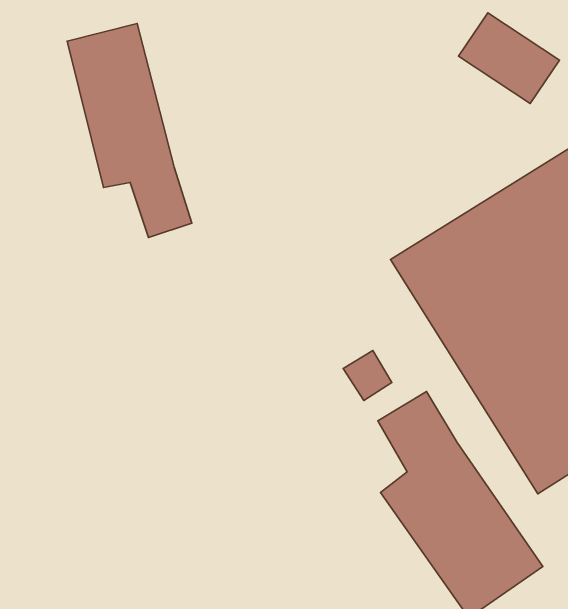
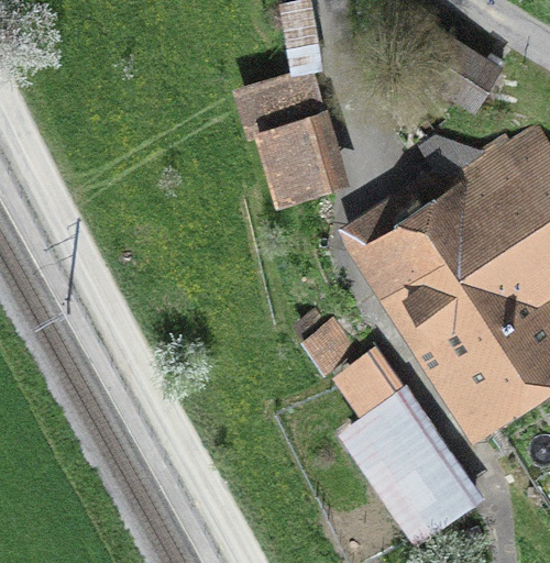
building: [67,24,192,237] -> none
building: none -> [235,71,349,210]

